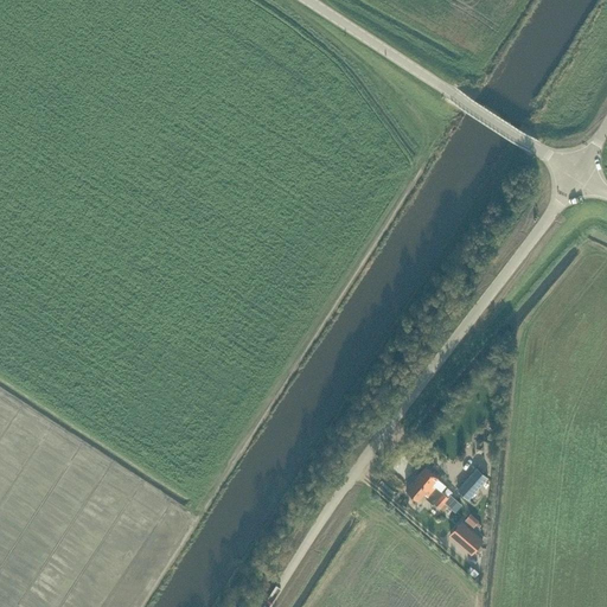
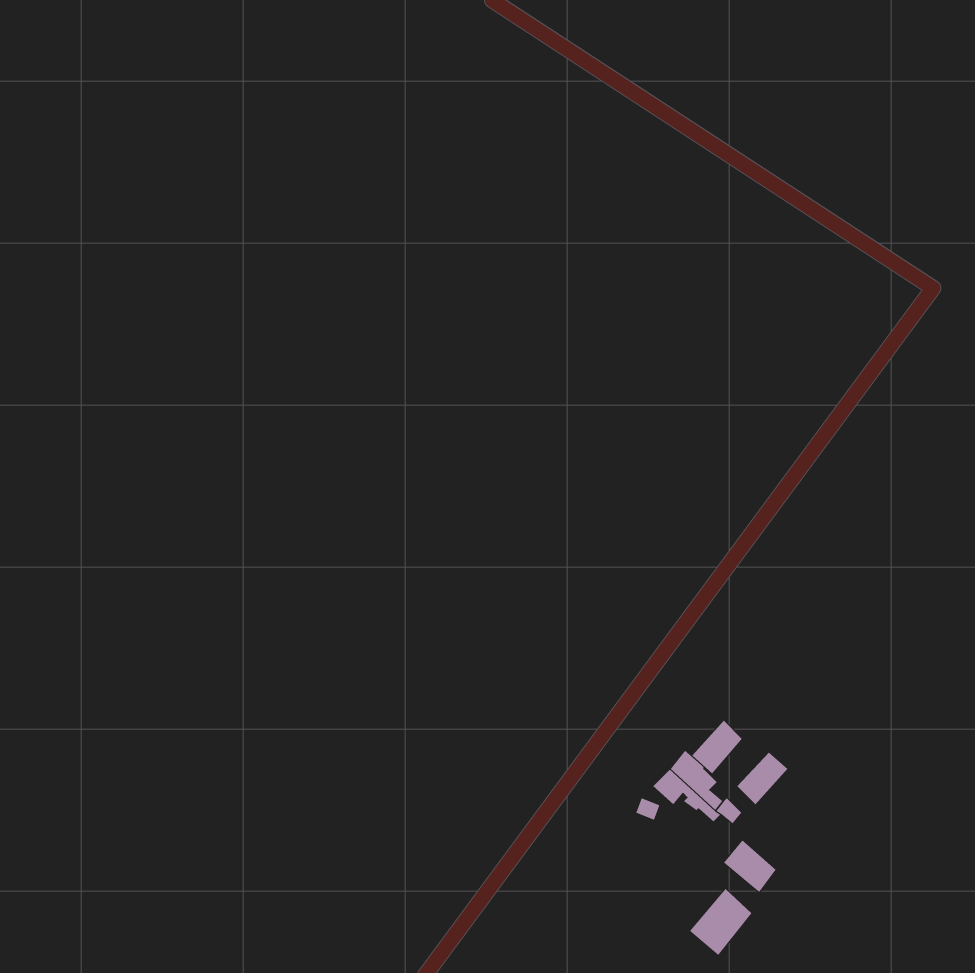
building: none -> [692,720,743,774]
building: none -> [689,888,752,956]

